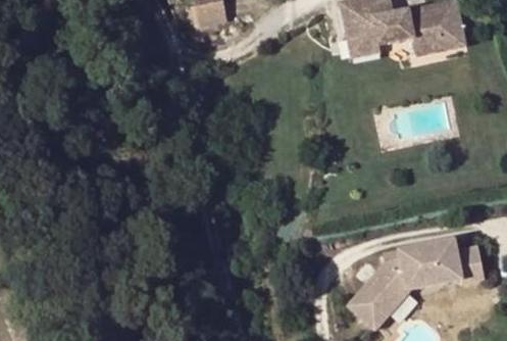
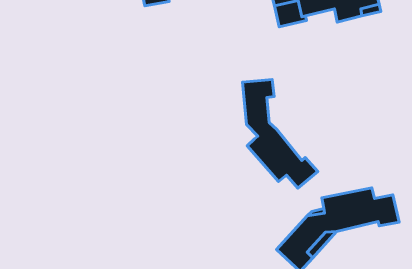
building: none -> [243,79,318,188]

